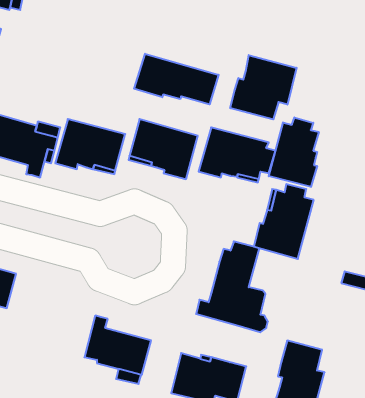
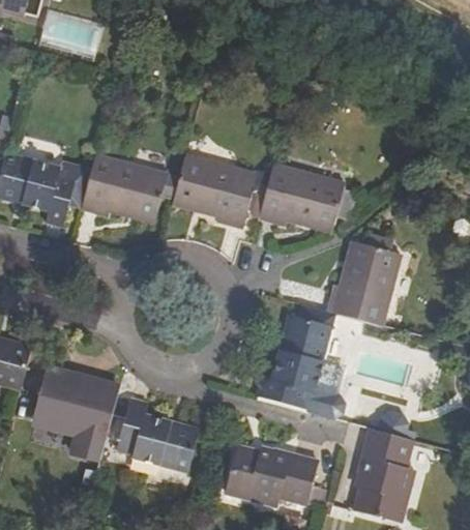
building: [134,54,219,104] -> none
building: [230,55,297,119] -> none
building: [269,117,319,187] -> none
building: none -> [34,365,119,458]

